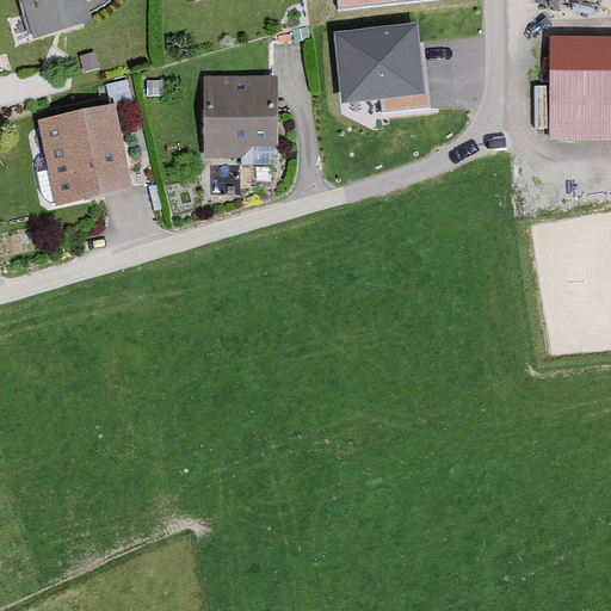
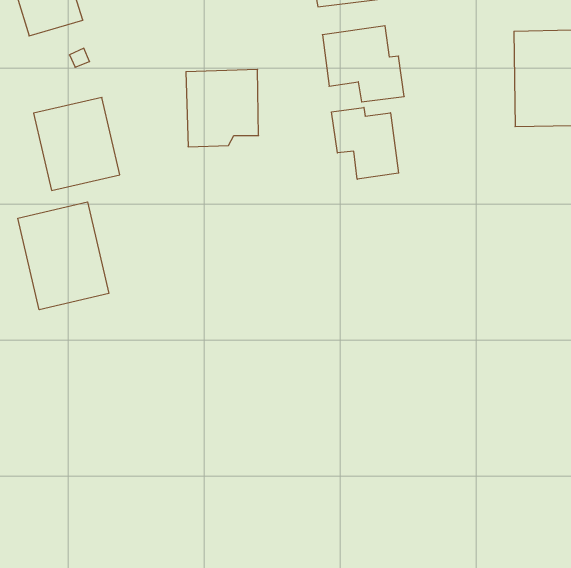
building: none -> [332,107,399,179]
building: none -> [18,202,109,310]

